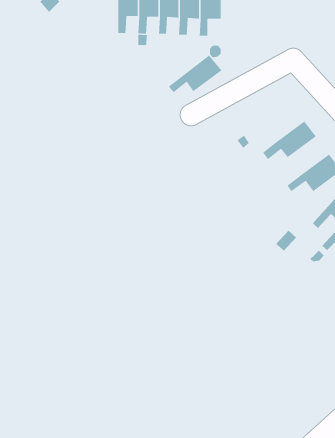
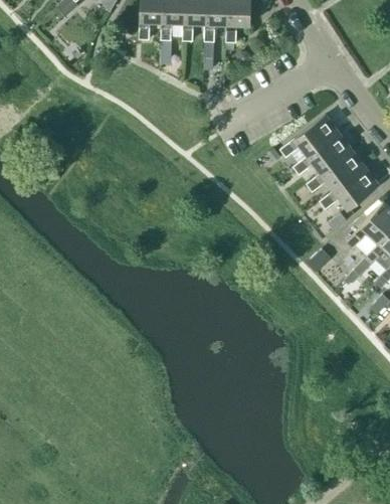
building: [168,54,222,93] -> [280,115,339,156]
building: none -> [307,149,365,191]

